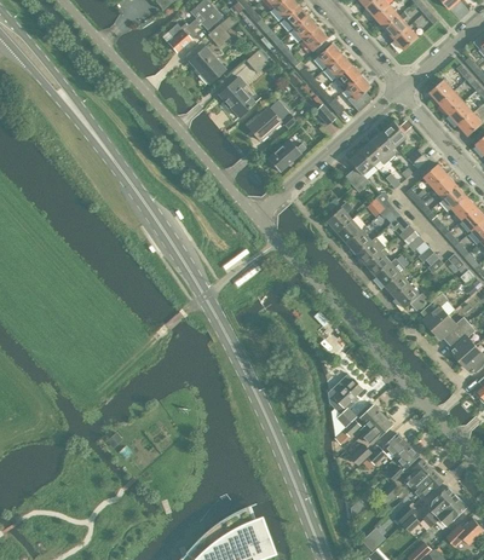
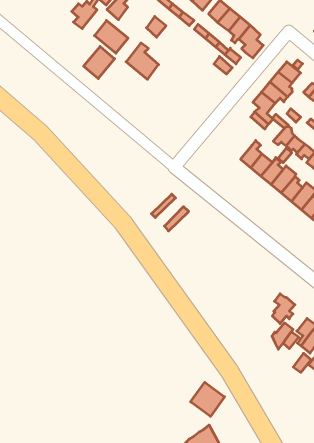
building: none -> [84,46,115,79]
building: [246,102,288,142] -> none
building: [266,140,305,173] -> none
building: none -> [191,382,225,416]

